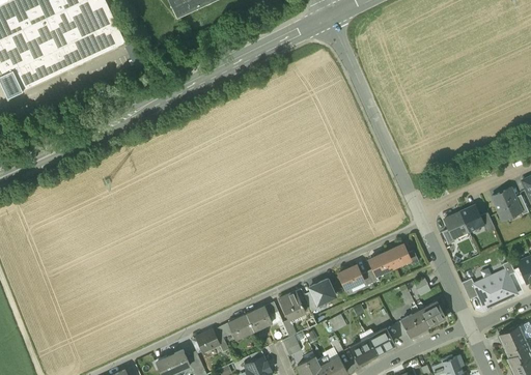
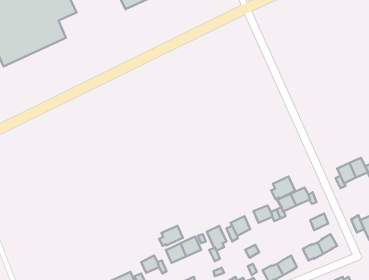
building: [91,22,124,54] -> none
building: none -> [271,177,295,199]
building: none -> [159,226,183,246]

